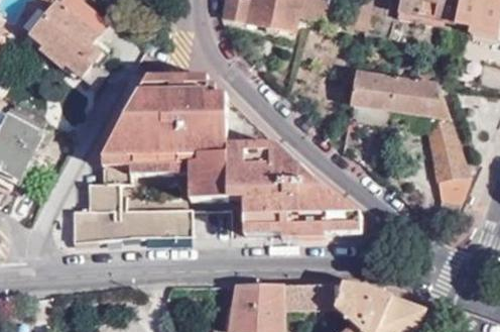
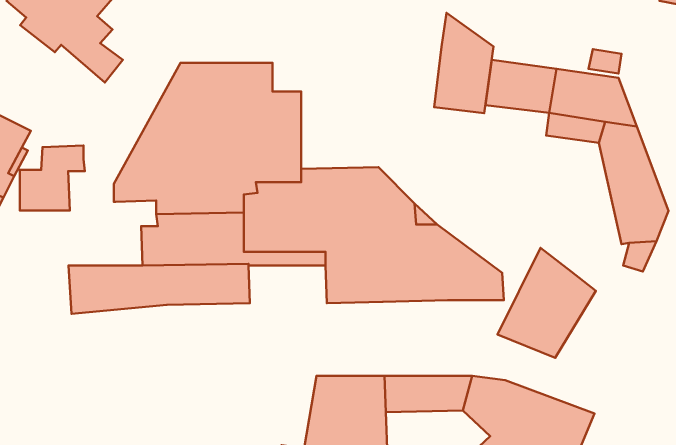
building: none -> [434,13,494,113]
building: [88,167,131,210] -> [20,146,85,211]
building: none -> [497,248,596,358]

